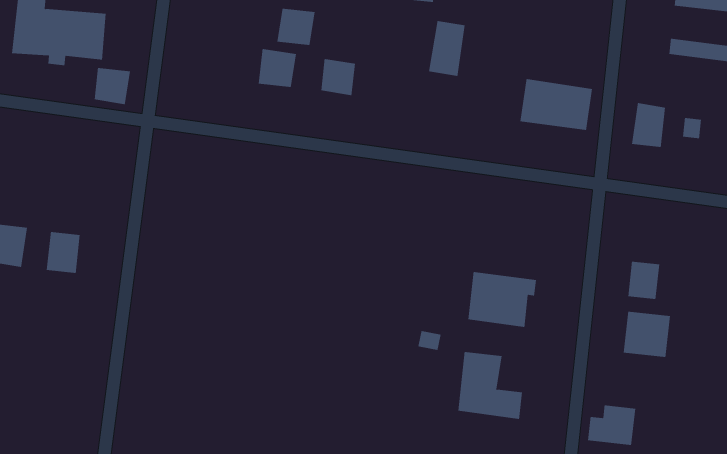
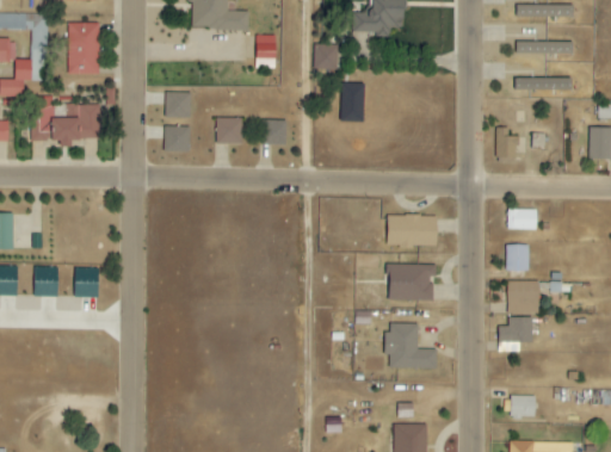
building: [277,8,316,46] -> [165,92,191,117]
building: [94,68,131,105] -> [165,126,190,151]
building: [520,78,593,130] -> [387,213,438,247]
building: none -> [507,209,537,230]
building: [587,405,636,445] -> [498,316,531,343]

